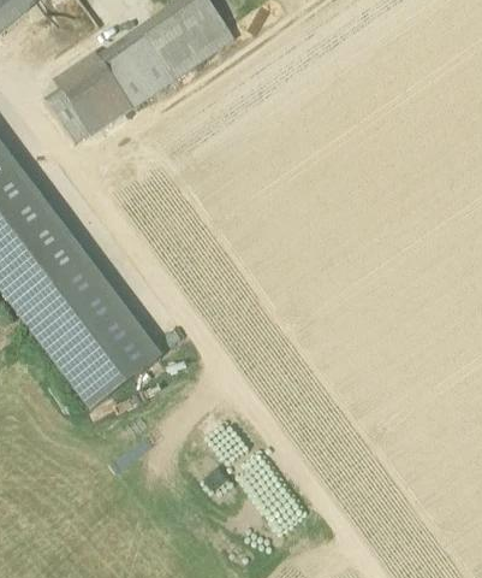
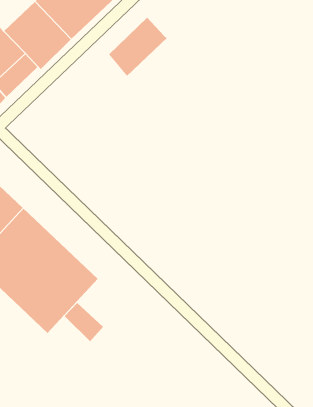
building: none -> [108,17,168,77]
building: none -> [64,302,104,342]

